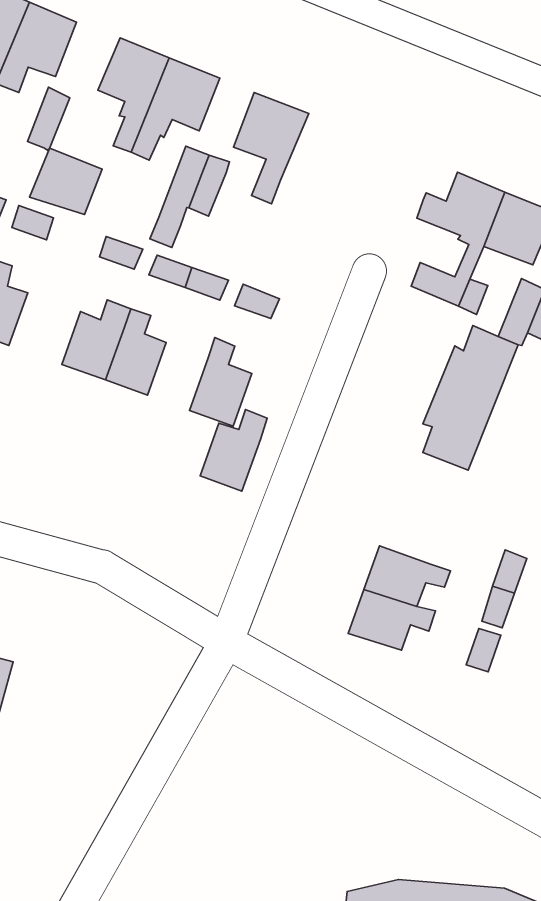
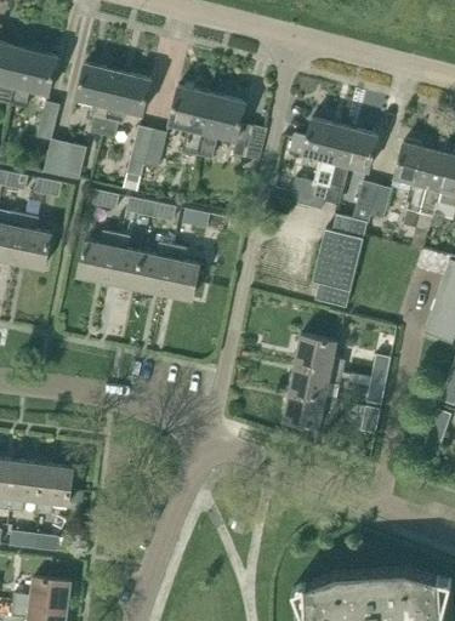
building: none -> [197,93,265,159]
building: [200,409,267,491] -> [135,240,172,292]
building: none -> [295,334,343,371]

